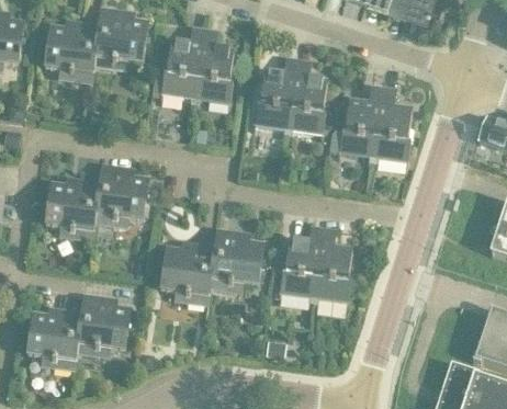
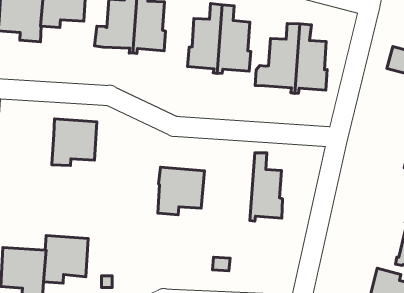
building: [45,181,99,240] -> none
building: [274,223,324,300] -> none
building: [160,246,214,304] -> none

